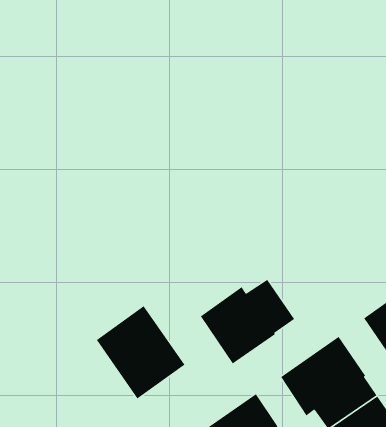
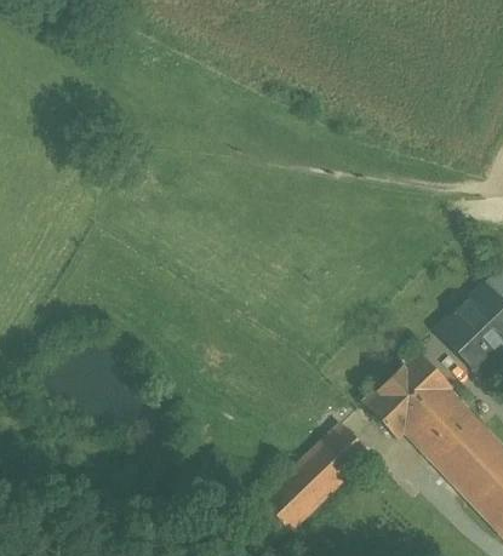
building: [200,279,295,364] -> none
building: [96,305,185,400] -> none

